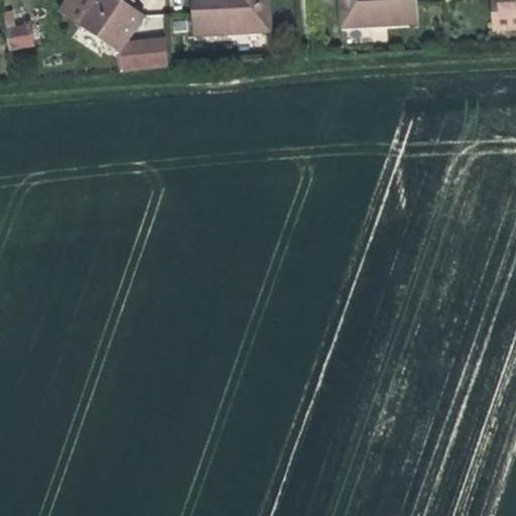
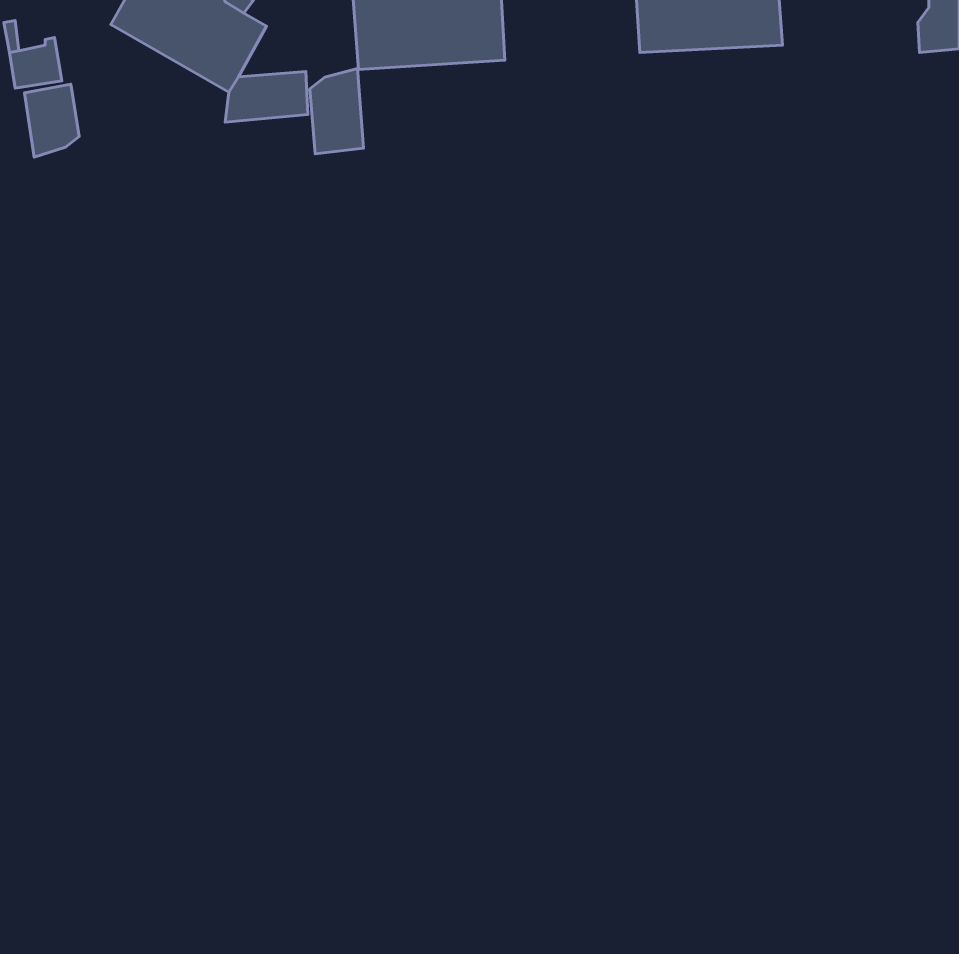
building: none -> [310,69,364,154]
building: none -> [25,84,79,157]

